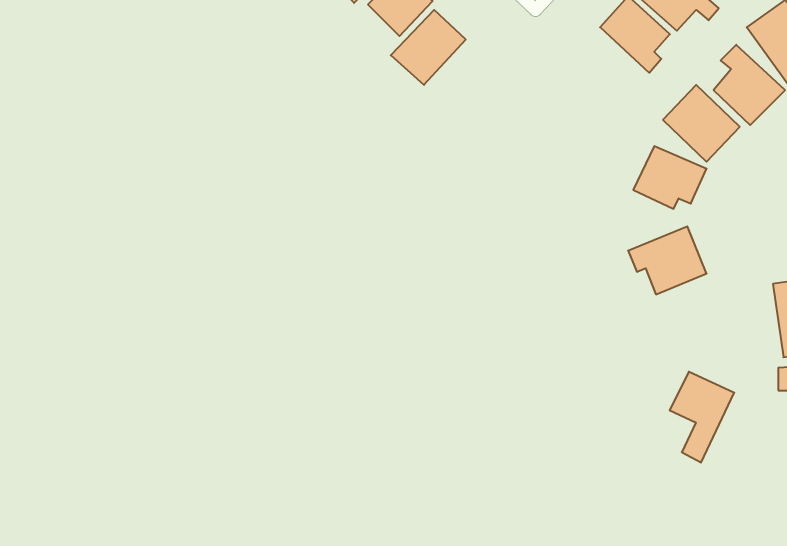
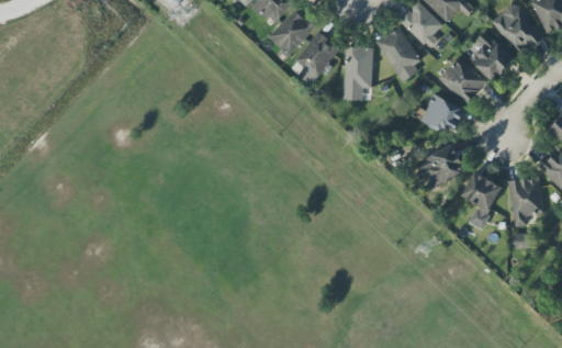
building: none -> [375,26,420,82]
building: none -> [295,31,338,87]
building: none -> [344,46,372,88]
building: [670,372,734,463] -> [461,172,502,229]

